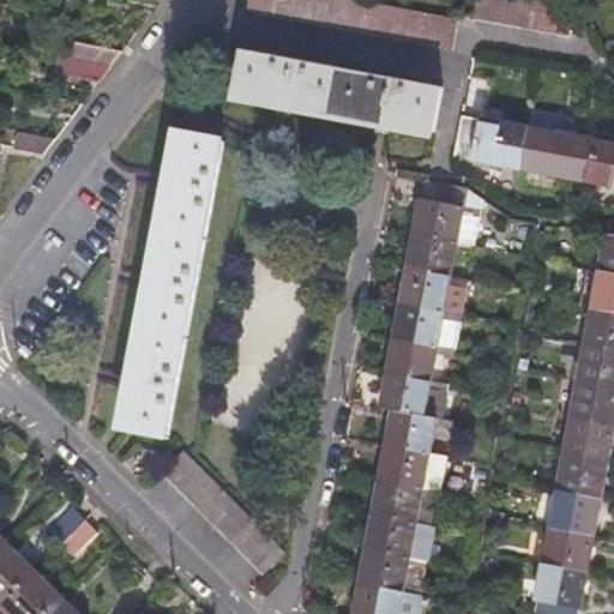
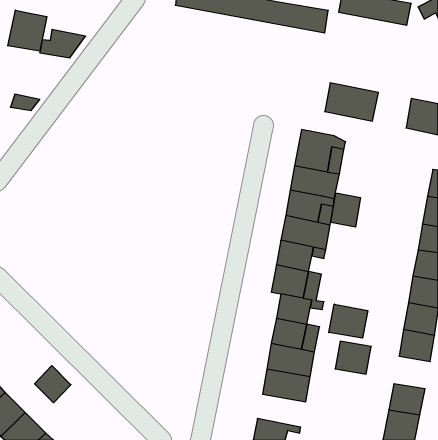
building: none -> [8,10,47,51]
building: [233,49,439,131] -> none
building: [517,128,571,177] -> none
building: [127,133,221,438] -> none
building: none -> [331,193,360,227]
building: none -> [329,304,368,338]
building: [162,450,283,573] -> none
building: [547,494,597,540] -> [335,341,371,374]
building: [357,547,425,592] -> none

